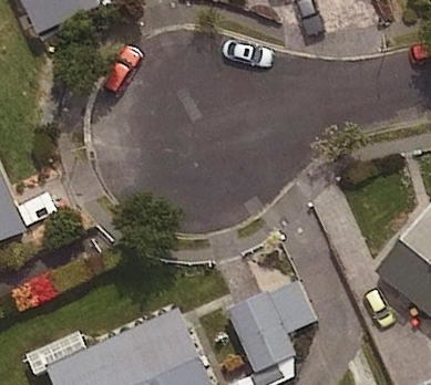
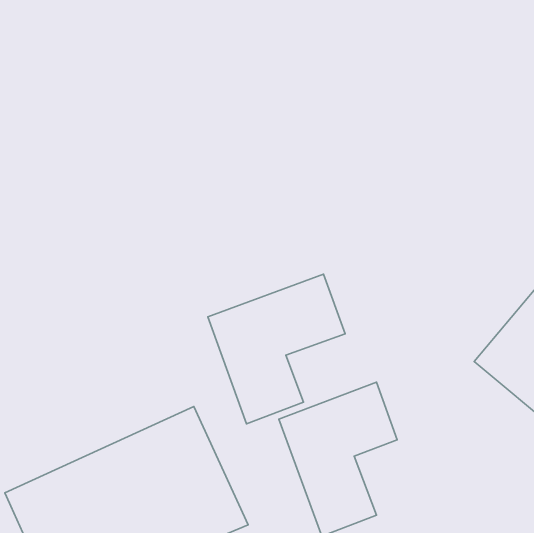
building: none -> [208,274,345,424]

